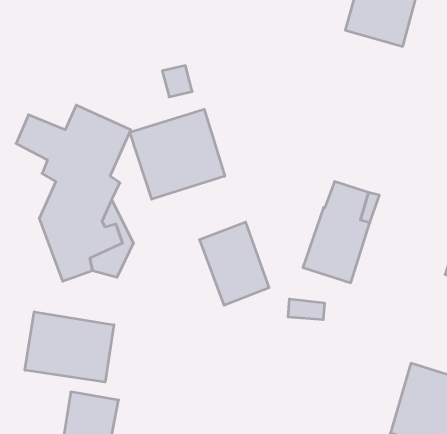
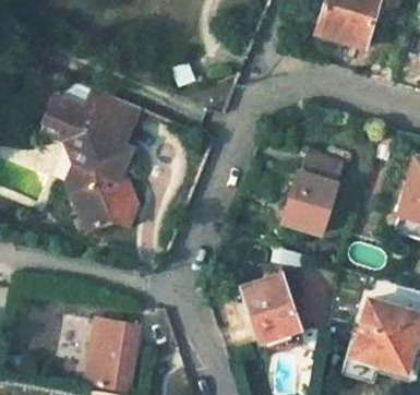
building: [130,109,225,199] -> none
building: [199,222,269,305] -> [243,276,299,343]
building: [25,312,114,382] -> none

